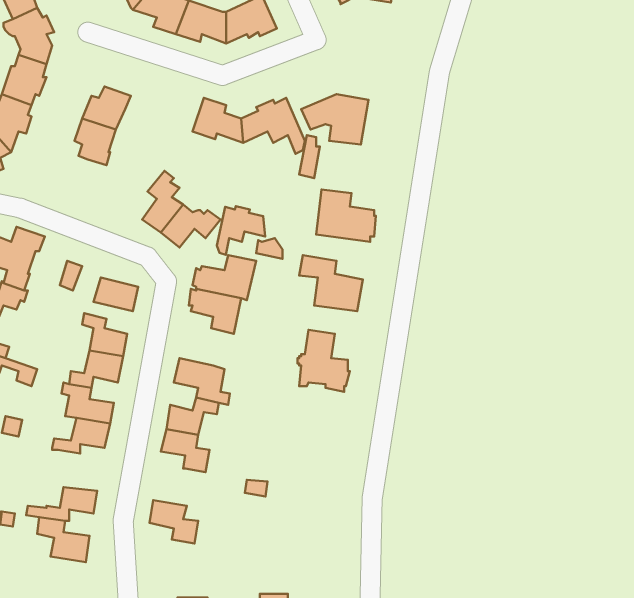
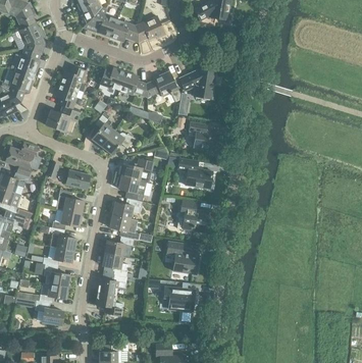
building: none -> [100,66,125,90]
building: none -> [45,105,81,131]
building: [217,206,265,255] -> none
building: none -> [112,197,143,217]
building: none -> [166,241,199,273]
building: none -> [44,263,69,286]
building: none -> [98,273,127,294]
building: none -> [163,286,195,311]

